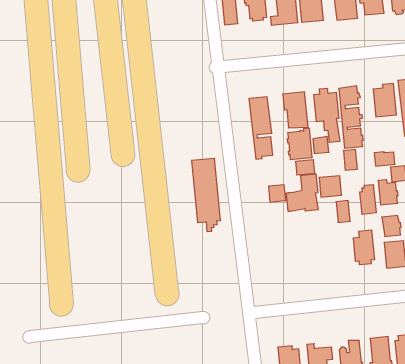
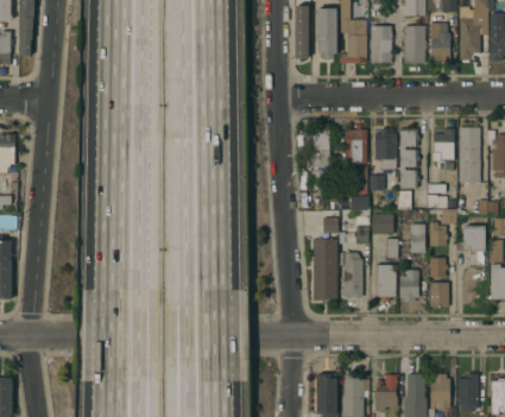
building: [192,158,221,232] -> [314,239,336,309]
building: none -> [341,253,362,297]
building: none -> [377,265,396,301]

